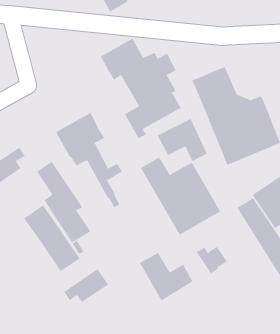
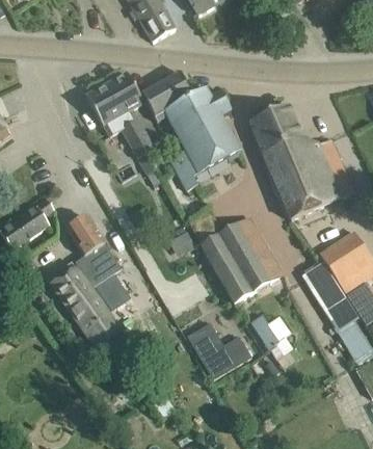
building: [55,112,123,208] -> [85,72,164,184]
building: [157,118,208,162] -> none
building: [64,268,109,303] -> none

